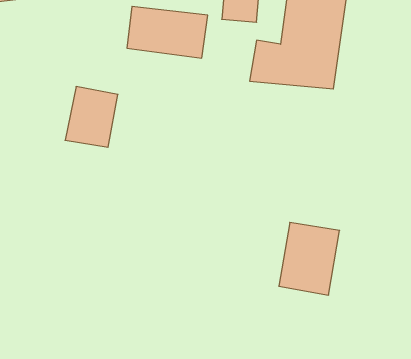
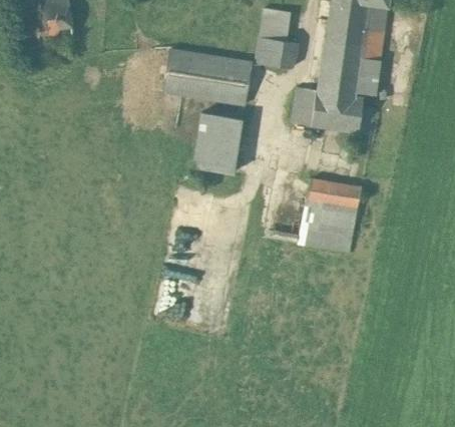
building: [65,87,118,147] -> [191,114,245,175]
building: [279,222,340,295] -> [300,179,361,253]

